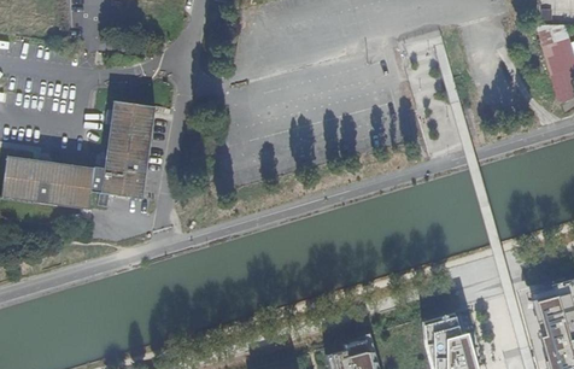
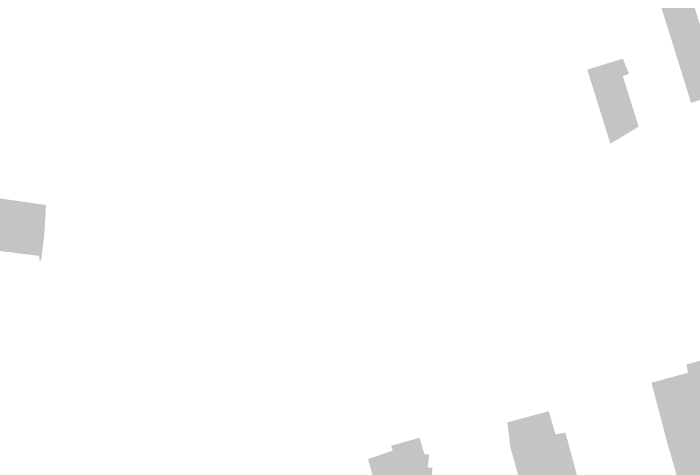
building: none -> [587,58,639,145]
building: [90,101,154,199] -> none

